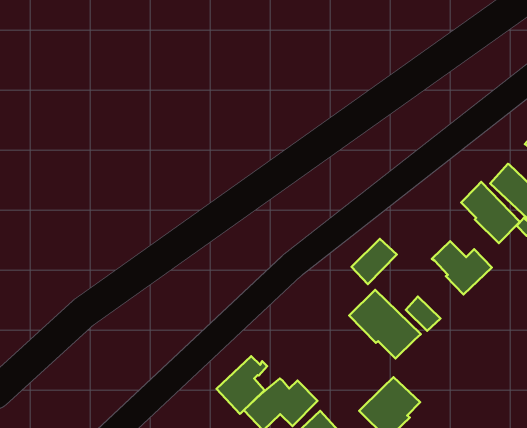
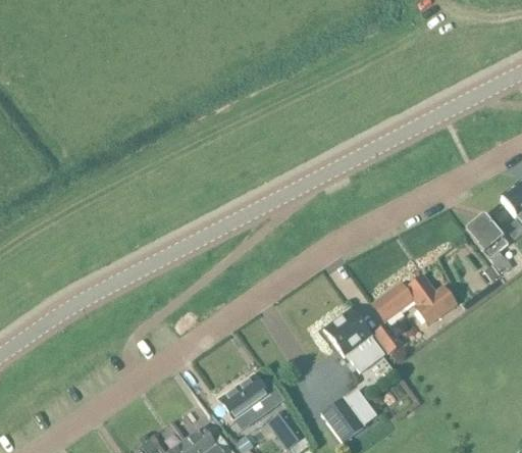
building: [461,182,520,243] -> none
building: [351,239,397,284] -> [370,284,412,322]
building: [216,356,267,414] -> none

